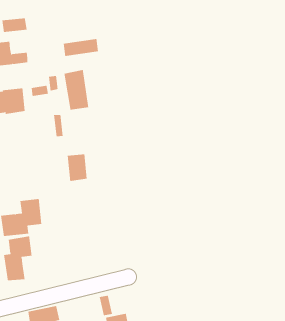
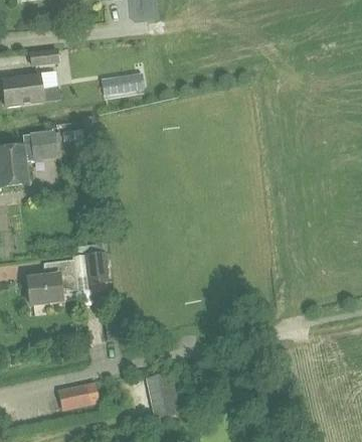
building: [64,69,89,110] -> none
building: [67,154,88,181] -> [84,252,109,284]
building: [3,236,32,281] -> none

